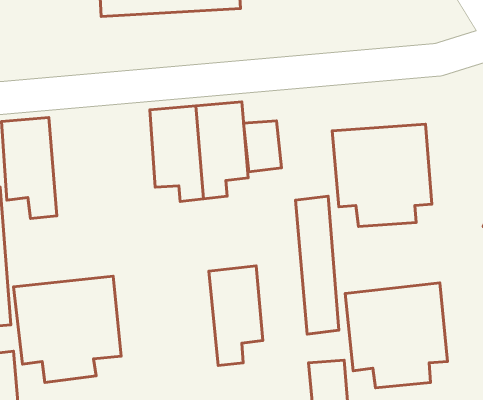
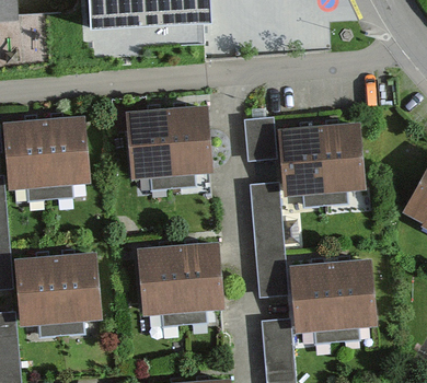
building: none -> [44,115,88,200]
building: [244,121,282,172] -> [244,119,276,162]
building: none -> [137,246,185,327]

